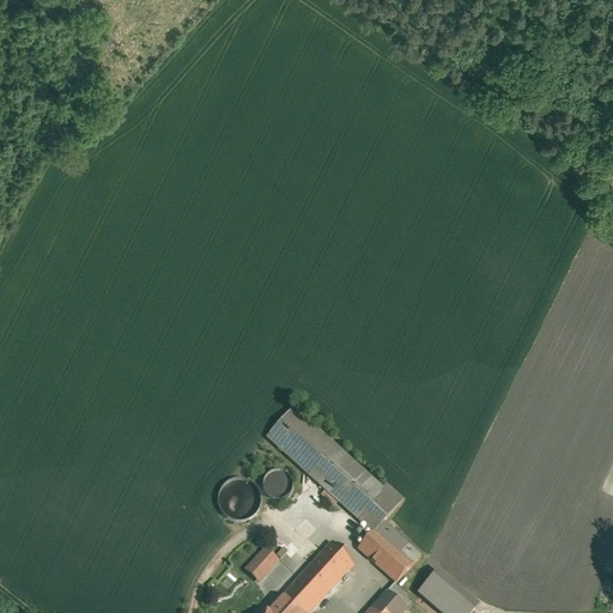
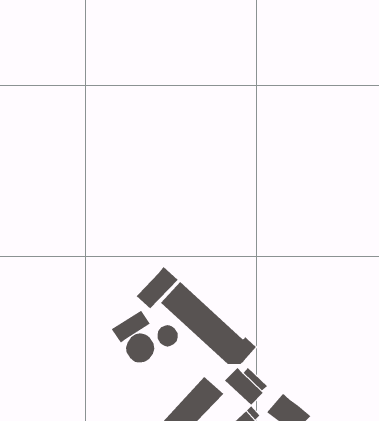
building: none -> [136,266,179,309]
building: none -> [111,310,151,344]
building: [242,546,280,583] -> none

